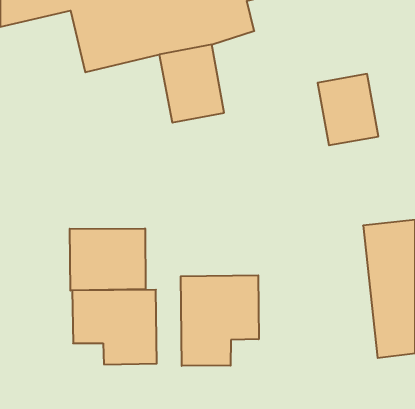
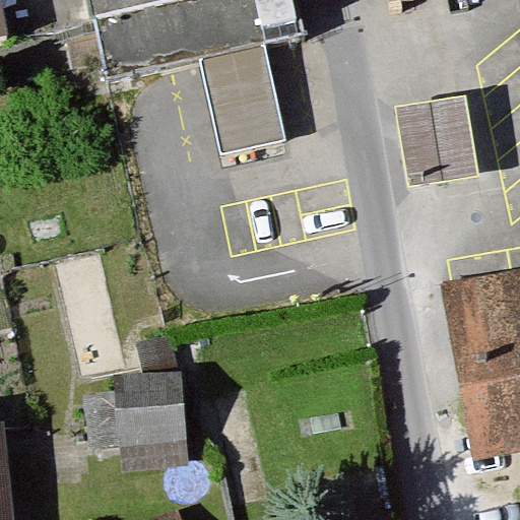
building: [70,228,146,291] -> none
building: [181,275,259,366] -> none

